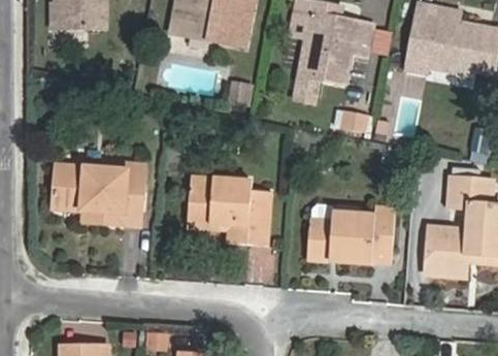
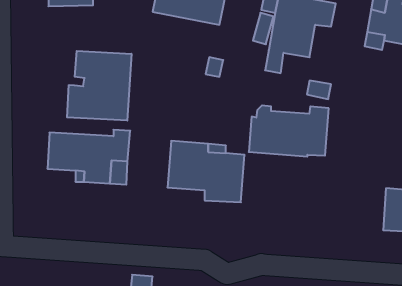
building: none -> [67,51,131,121]
building: [306,205,395,262] -> [249,105,329,157]

